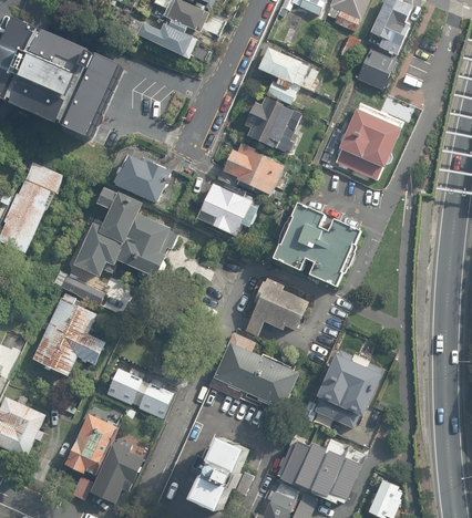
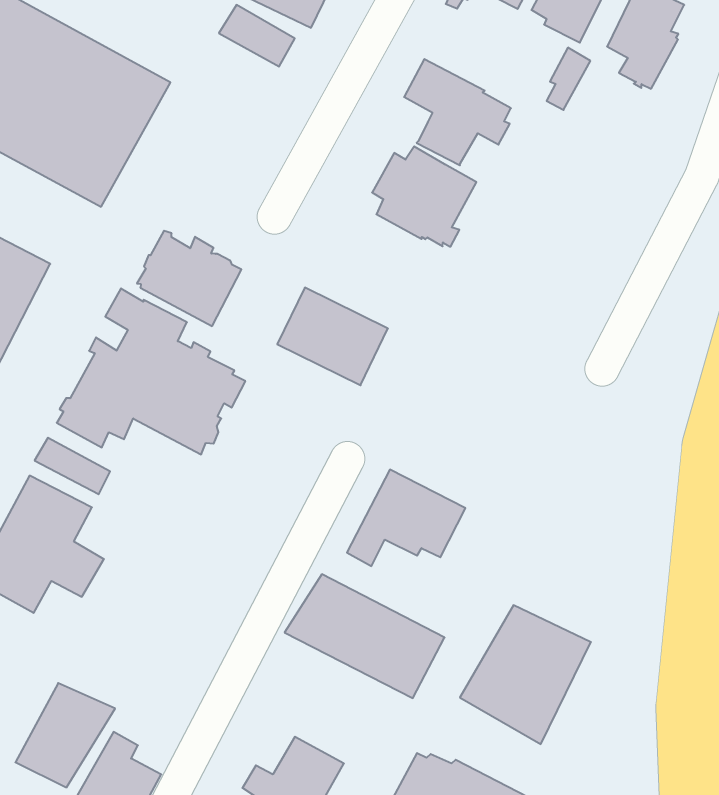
building: [355,45,396,91] -> none
building: [334,102,403,180] -> none
building: [216,143,285,198] -> none
building: [273,199,363,287] -> none
building: [104,362,176,422] -> none

